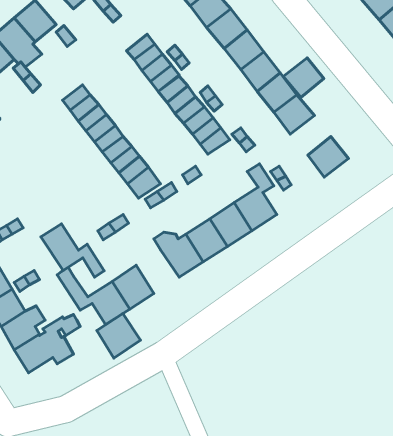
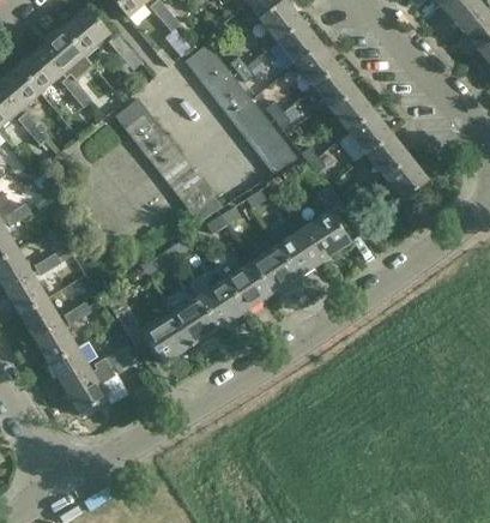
building: [283,58,324,97] -> [364,133,409,176]
building: [41,224,104,277] -> none
building: none -> [196,279,243,327]
building: [97,313,140,358] -> none

